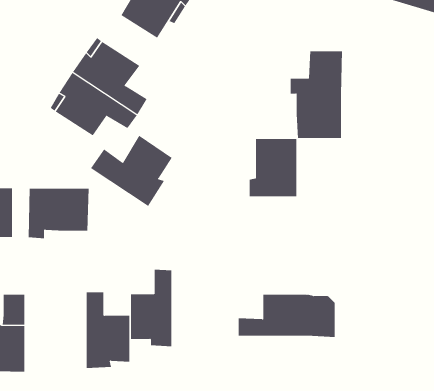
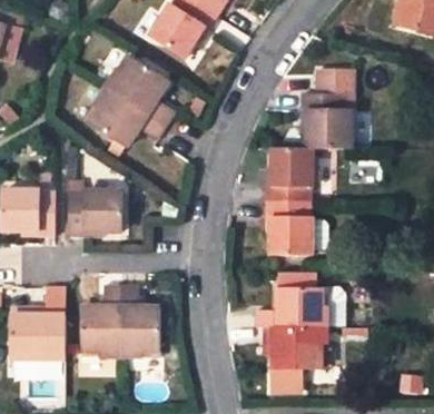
building: [90,135,172,207] -> none
building: none -> [265,200,309,255]
building: [130,269,172,347] -> [81,285,119,355]
building: none -> [265,326,323,369]

